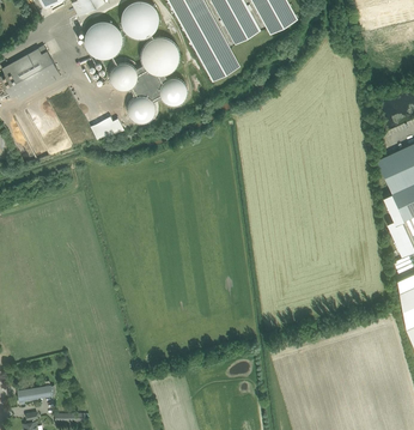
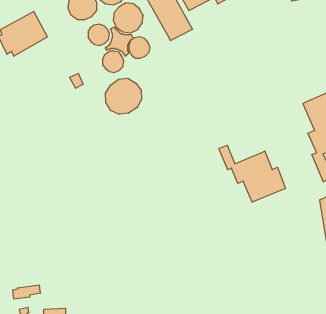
building: none -> [105,78,142,114]
building: none -> [219,145,285,202]

